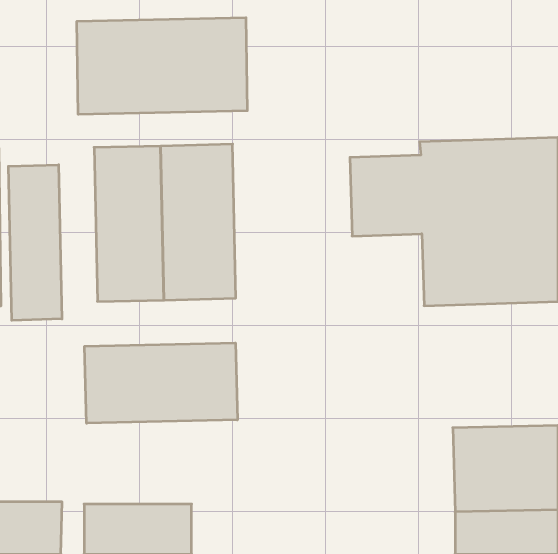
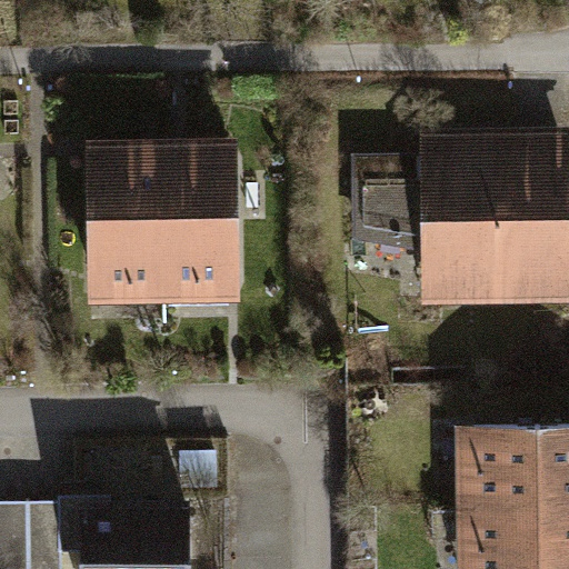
building: [77,18,247,114] -> none
building: [8,165,62,320] -> none
building: [85,343,237,423] -> none

